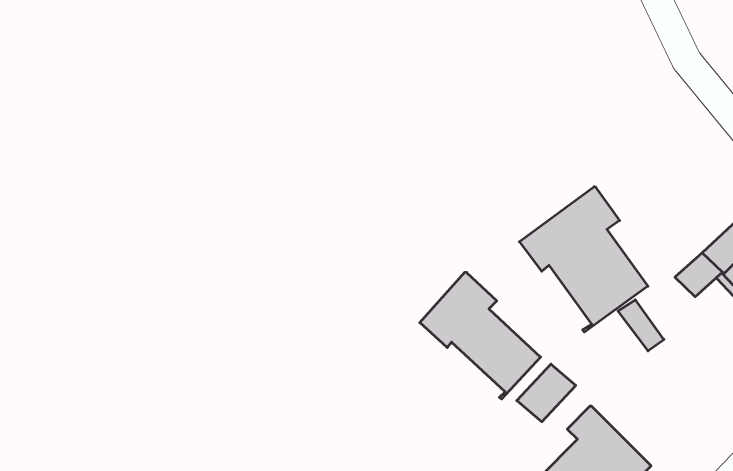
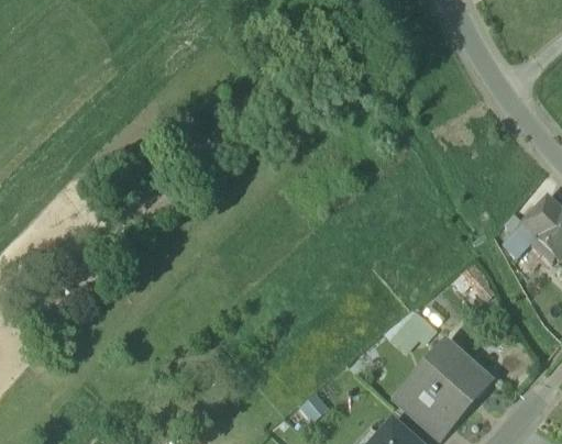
building: [519,187,648,332] -> none
building: [420,272,541,399] -> none

